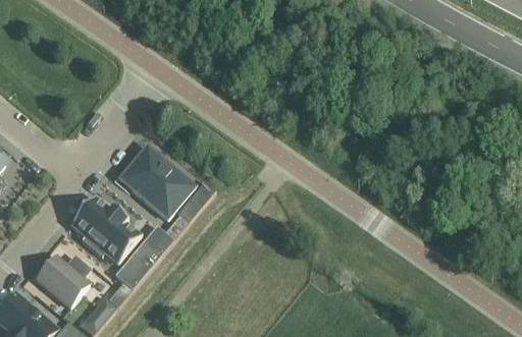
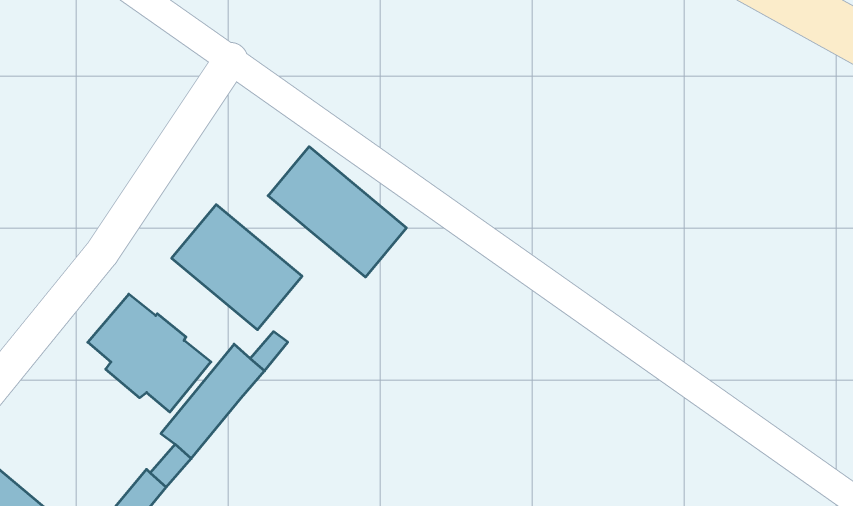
building: none -> [268,147,406,277]
building: [35,256,89,307] -> none

